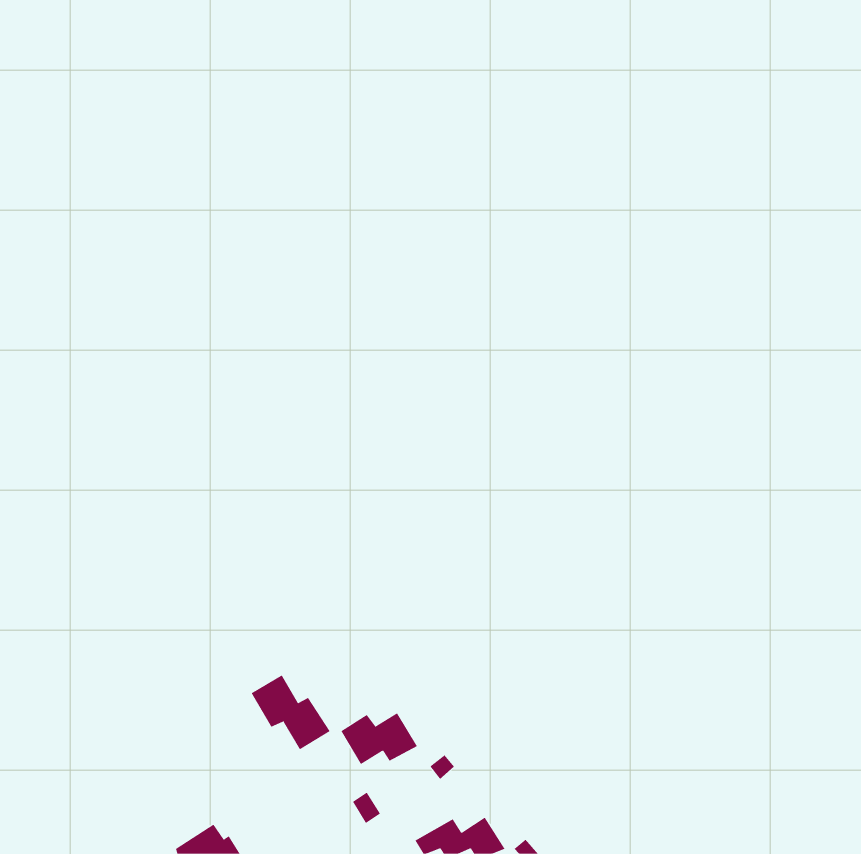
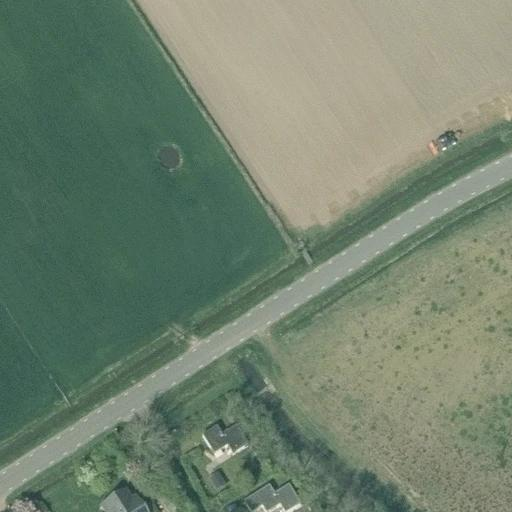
building: [251,674,330,750] -> none

